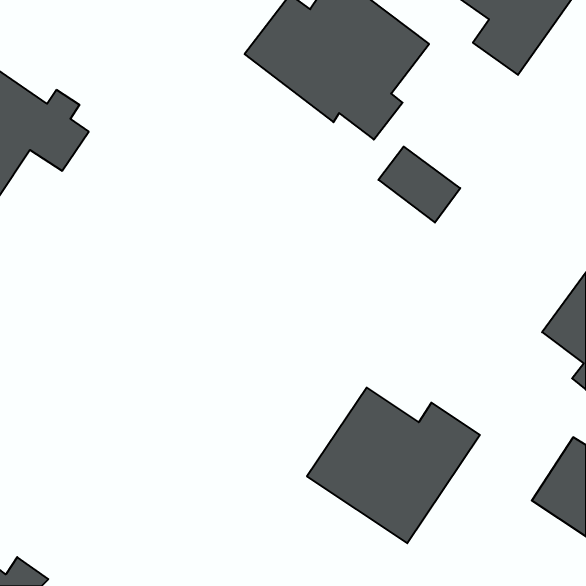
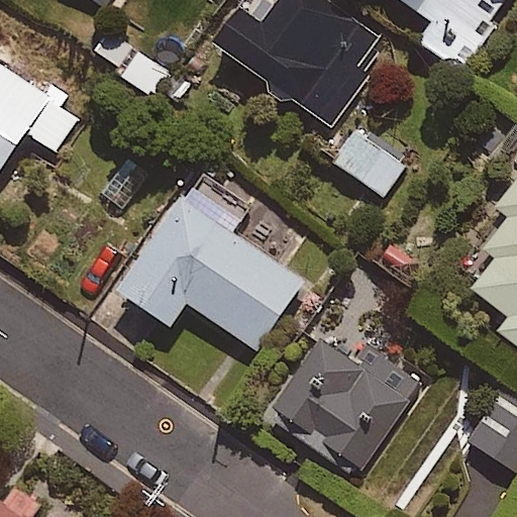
building: none -> [120,181,303,349]

